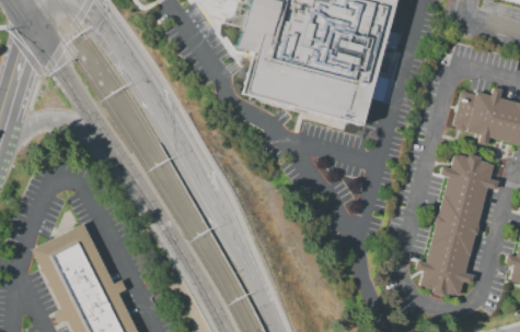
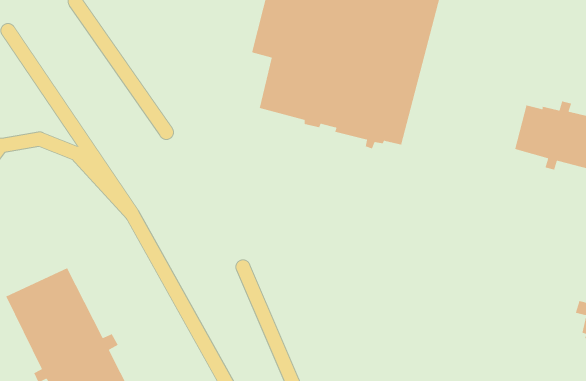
building: [420,154,500,296] -> none

